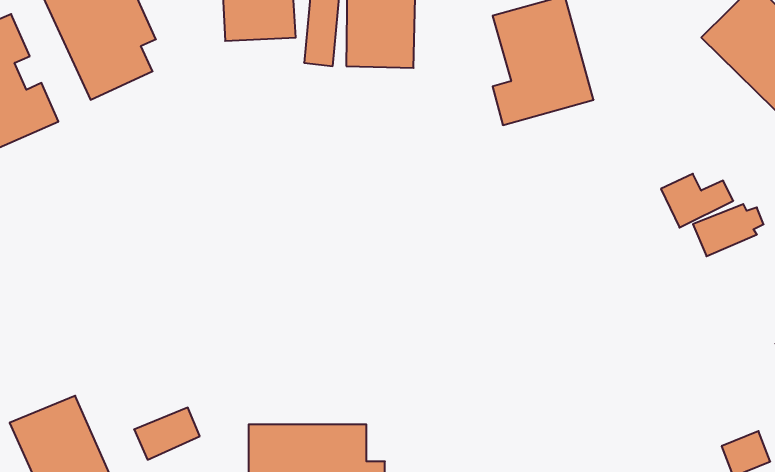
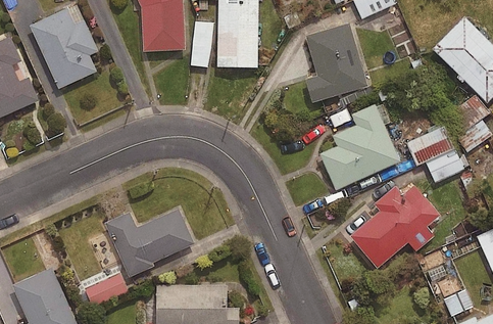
building: none -> [319,103,400,190]
building: none -> [349,187,439,268]
building: none -> [105,207,195,276]

